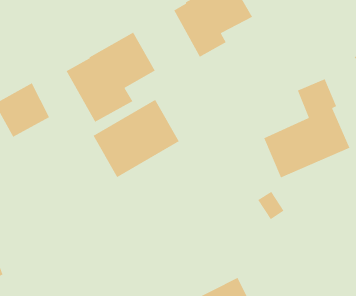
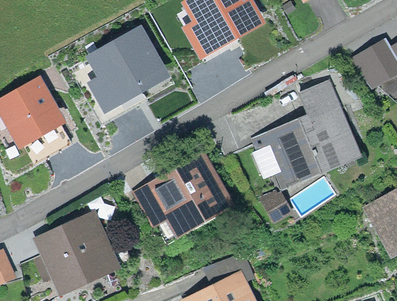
building: [92,99,180,178] -> [140,159,226,237]
building: none -> [42,216,107,283]

